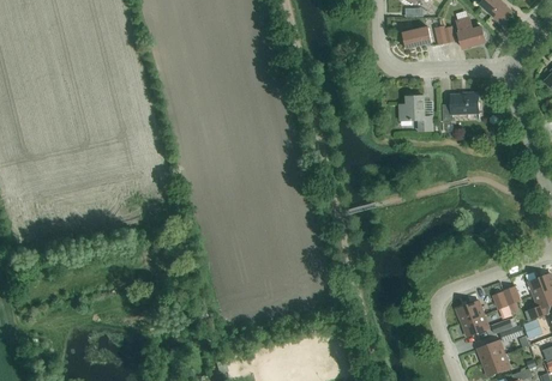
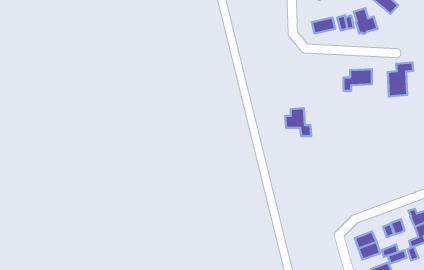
building: none -> [388,63,413,96]
building: [400,95,433,131] -> [285,108,311,136]

